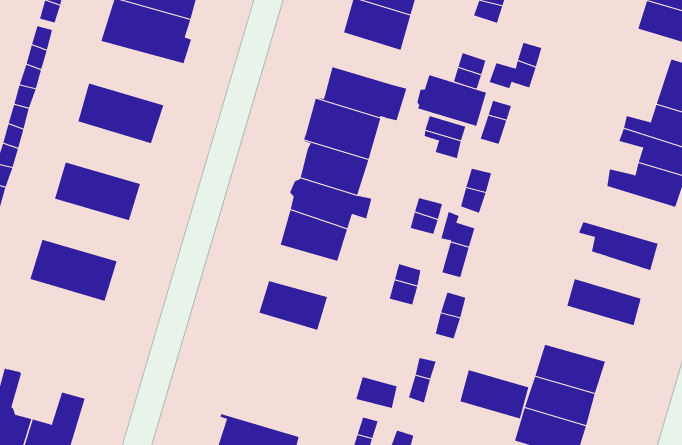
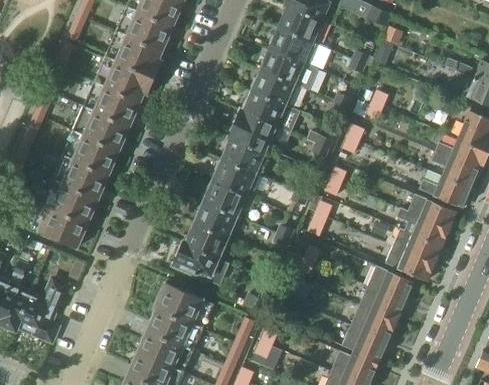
building: none -> [94,56,157,102]
building: [417,75,487,126] -> [252,69,298,106]
building: none -> [73,106,130,151]
building: none -> [402,194,456,229]
building: none -> [52,154,110,199]
building: none -> [195,201,241,238]
building: none -> [392,227,442,263]
building: none -> [31,204,88,248]
building: none -> [173,241,229,284]
building: [460,369,529,419] -> [368,265,414,301]
building: none -> [154,282,213,326]

